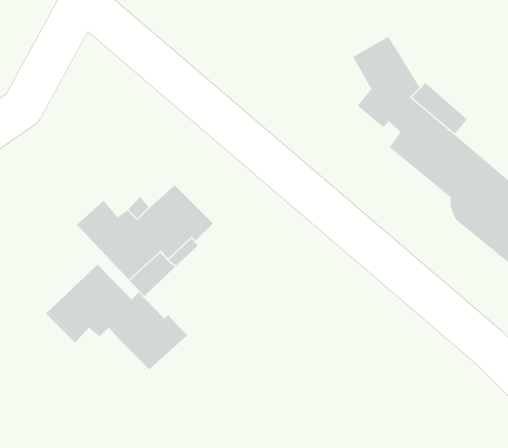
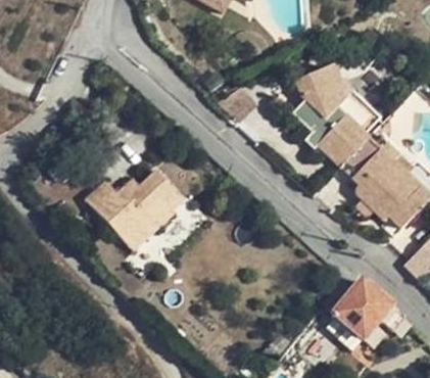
building: [45,264,188,370] -> none
building: none -> [335,278,392,337]

